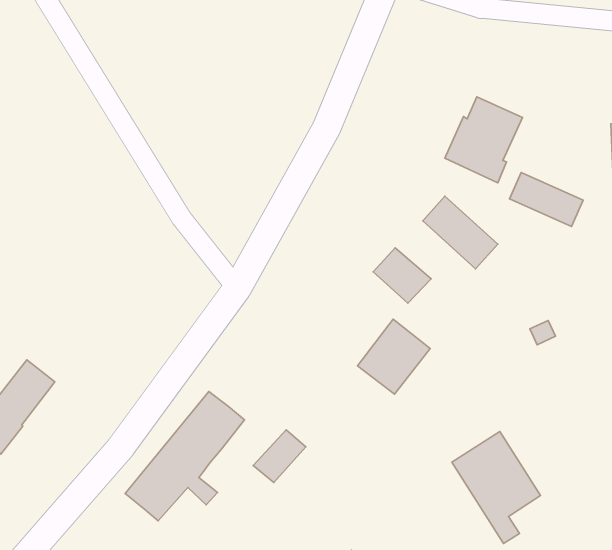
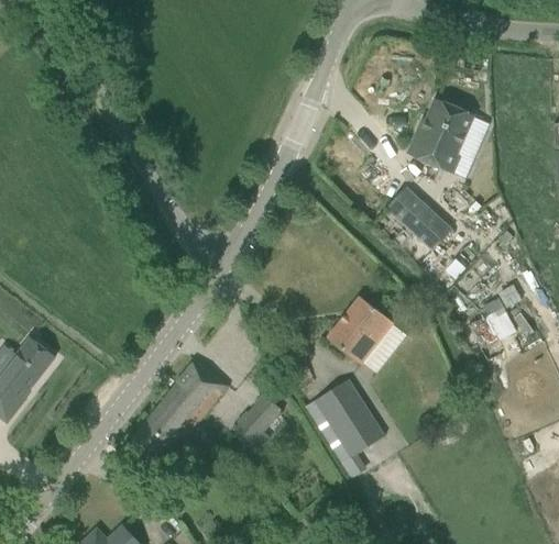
building: [509,173,583,226] -> none
building: [373,248,431,303] -> none
building: [452,432,541,543] -> [306,379,385,479]

